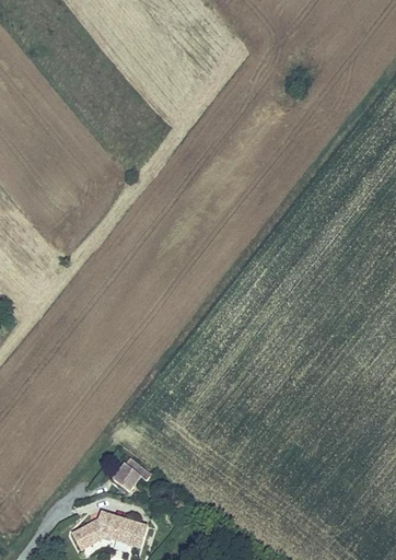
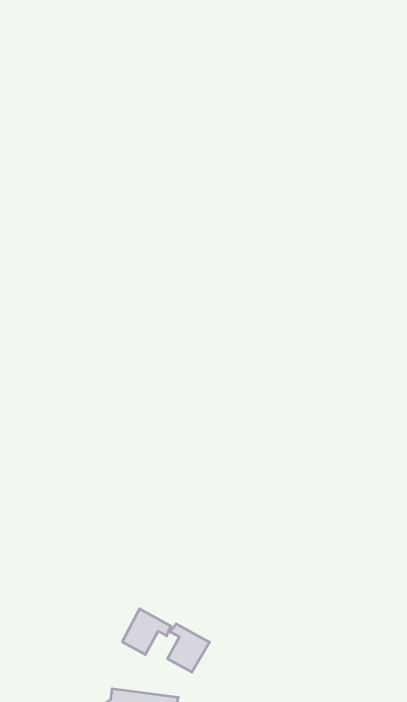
building: none -> [167,624,210,672]

